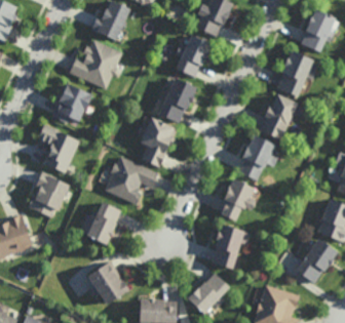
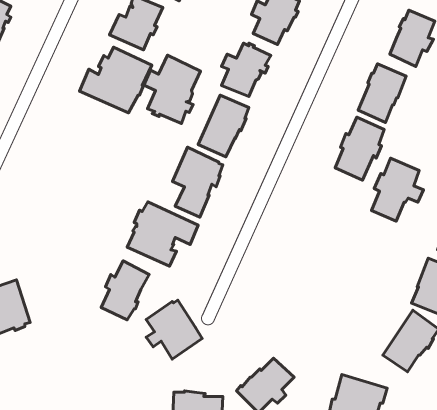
building: none -> [144,55,200,124]
building: [52,82,91,122] -> none
building: [37,123,80,173] -> none
building: [239,133,278,180] -> [371,158,423,221]
building: [28,170,69,216] -> none
building: [220,177,256,220] -> none
building: [212,224,244,269] -> none
building: [86,260,128,305] -> [146,300,202,359]

